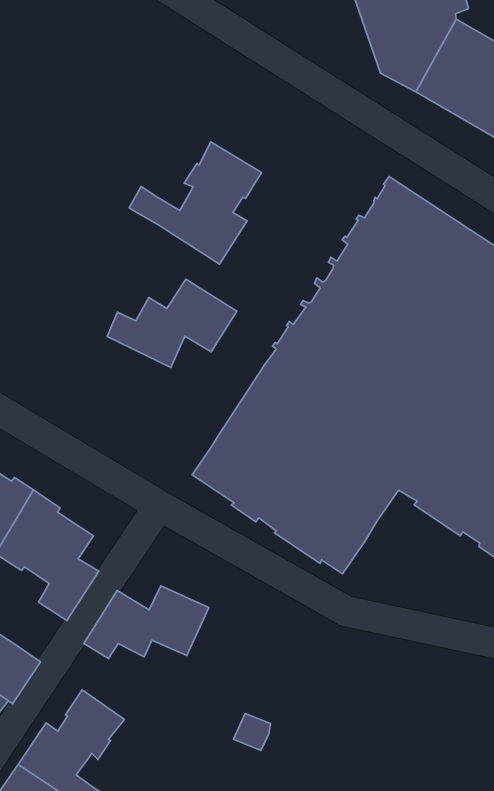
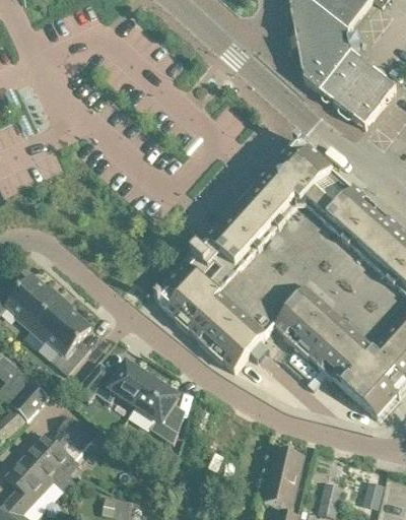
building: [129,142,262,264] -> none
building: [107,279,237,368] -> none
building: none -> [136,379,180,443]
building: none -> [265,447,303,506]

